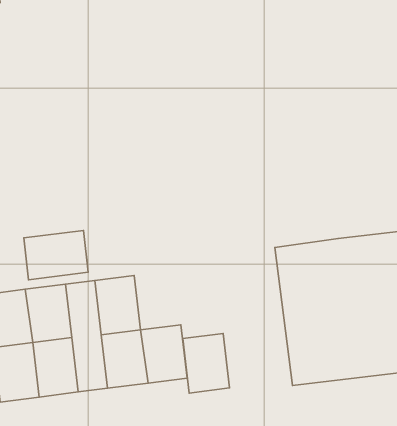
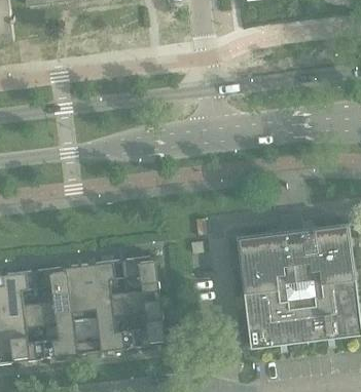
building: [24,230,88,280] -> none
building: [183,333,230,393] -> [121,256,159,304]

